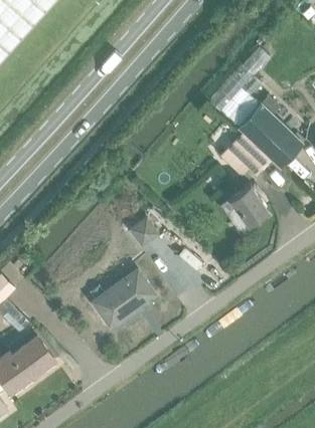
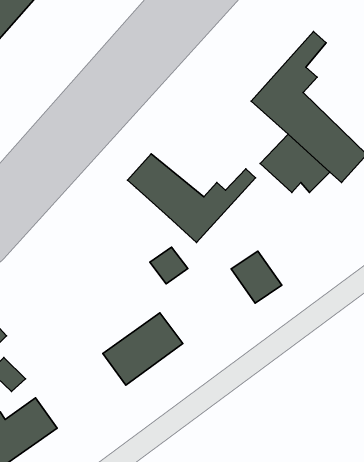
building: none -> [128,154,255,242]
building: [227,184,268,225] -> [231,251,282,303]

